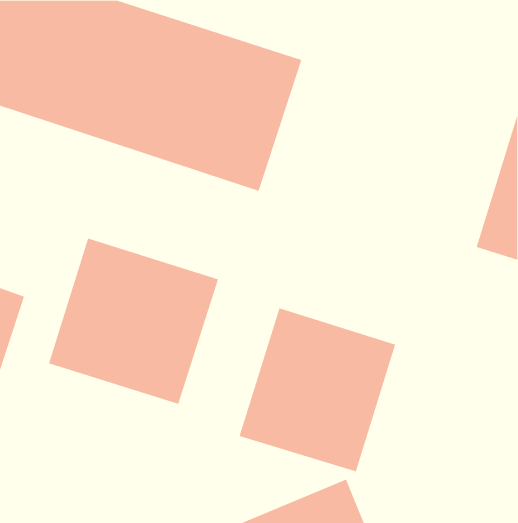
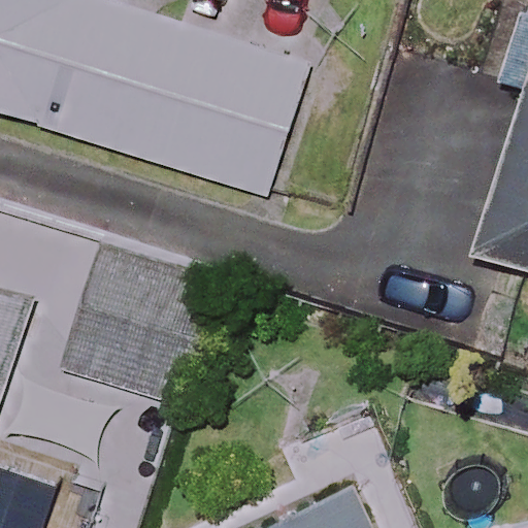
building: [239,308,396,472] -> none

